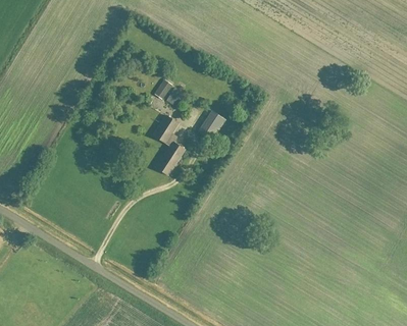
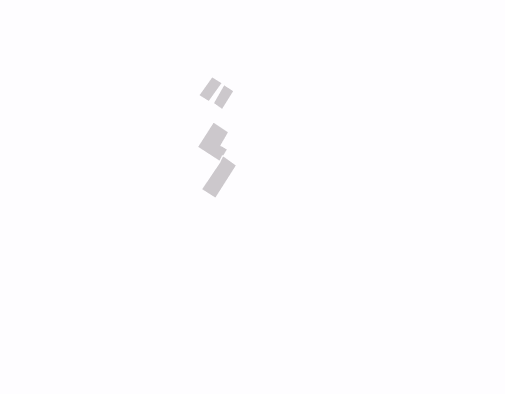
building: [196,112,225,143] -> none

